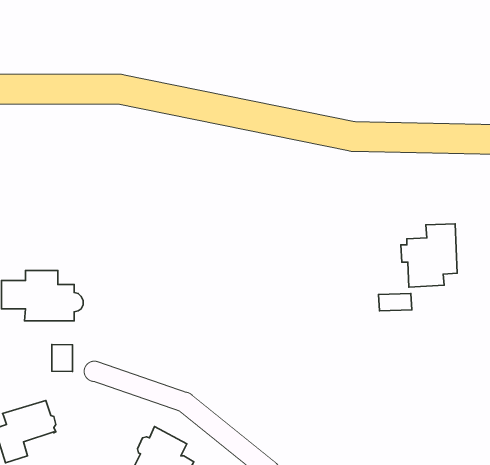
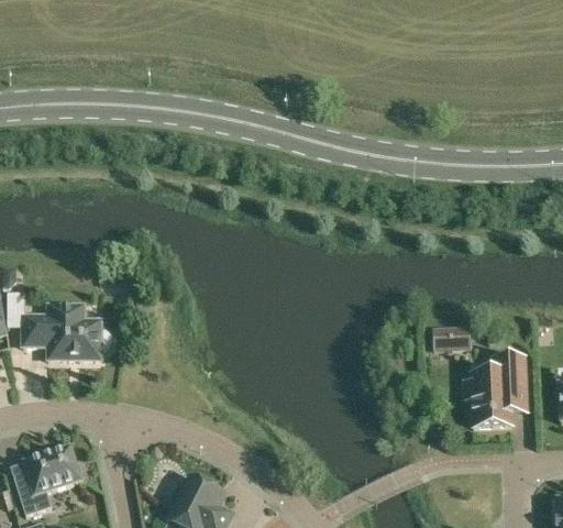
building: [401,224,457,287] -> [464,358,526,427]
building: [52,345,72,372] -> none

